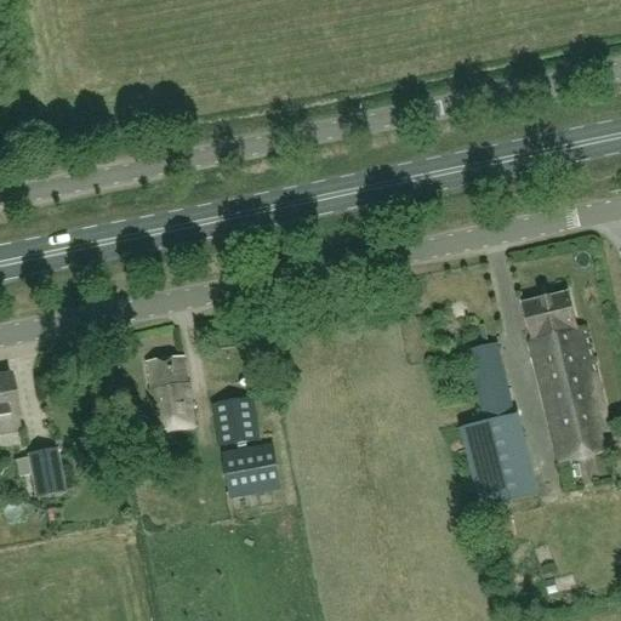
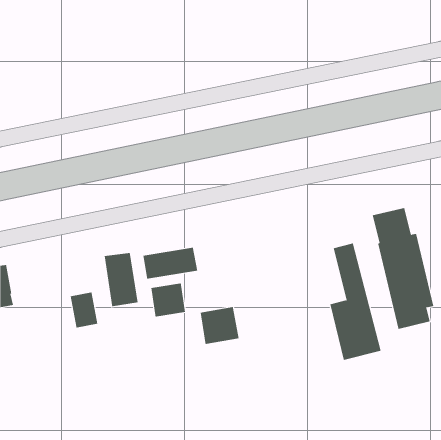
building: none -> [143,247,198,280]
building: [223,443,279,496] -> [200,306,240,345]
building: [25,446,65,497] -> [70,292,98,328]

